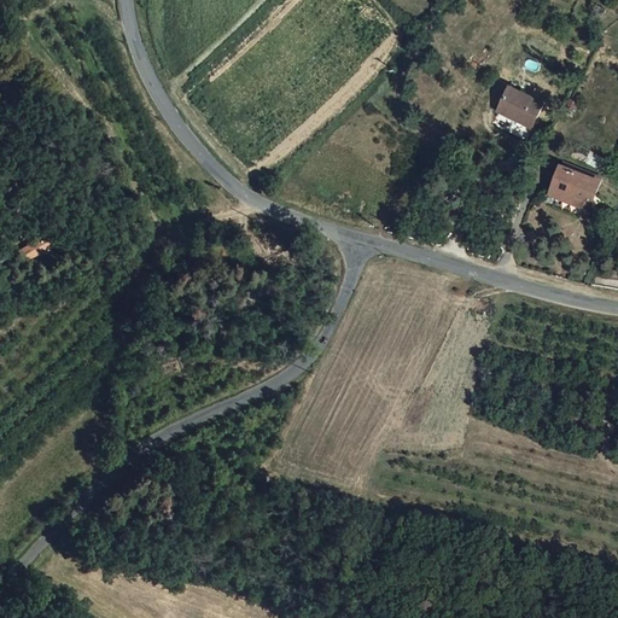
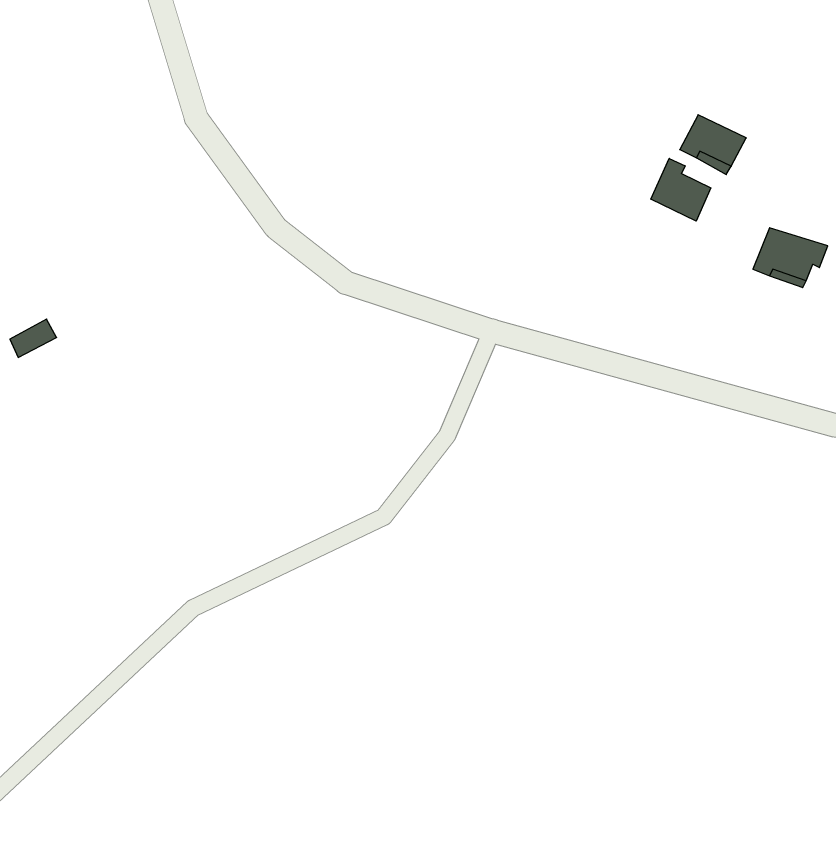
building: none -> [651,158,711,221]

